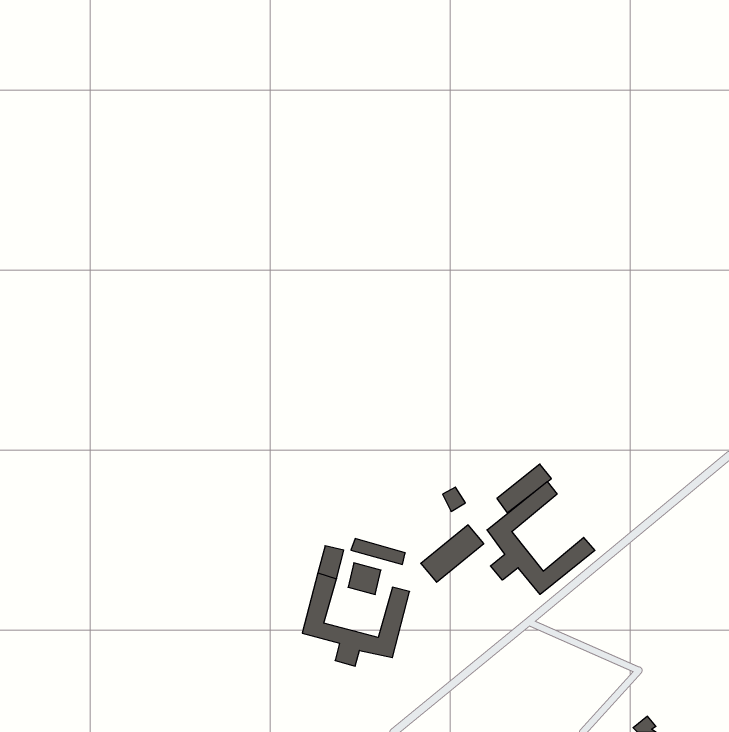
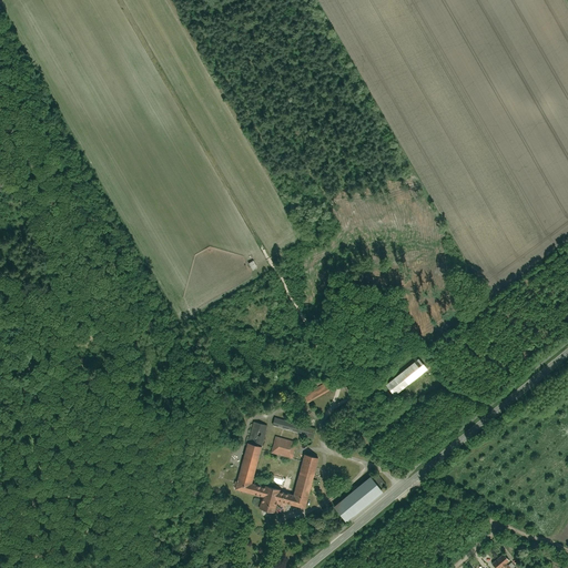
building: [487,482,595,594] -> none
building: [421,525,484,582] -> [333,478,382,523]

